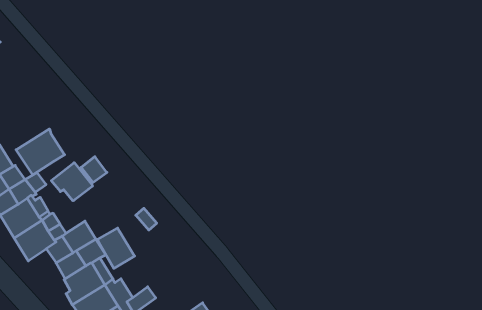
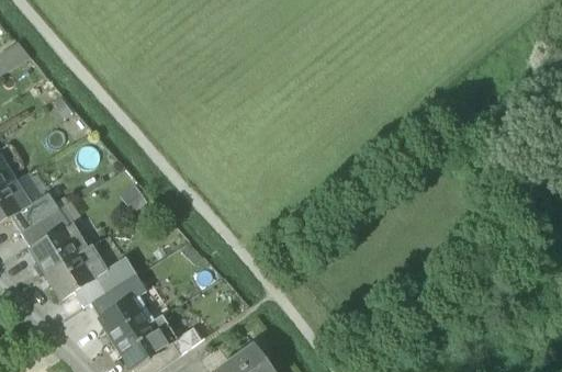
building: [16,129,65,175] -> none
building: [51,163,92,201] -> none
building: [97,228,135,268] -> none

